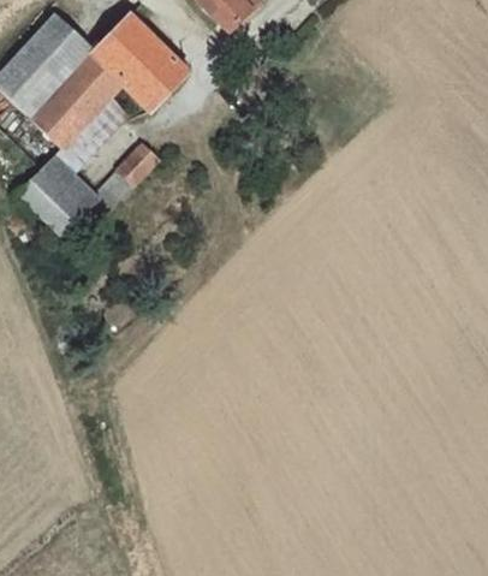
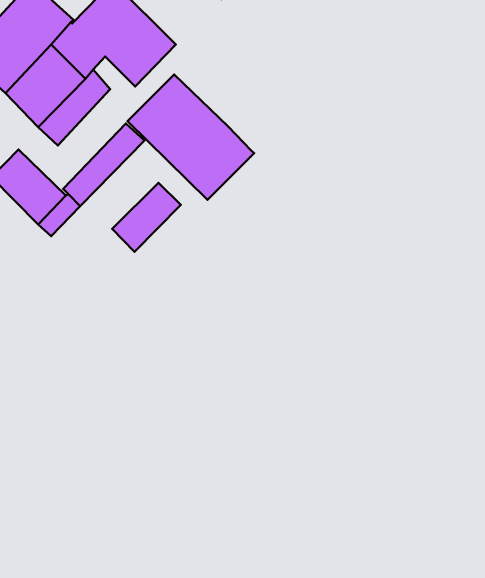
building: none -> [127,75,254,200]
building: none -> [112,183,181,252]

